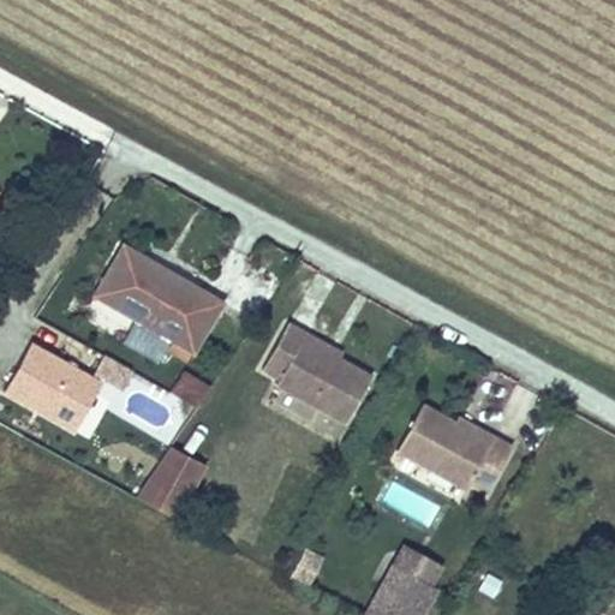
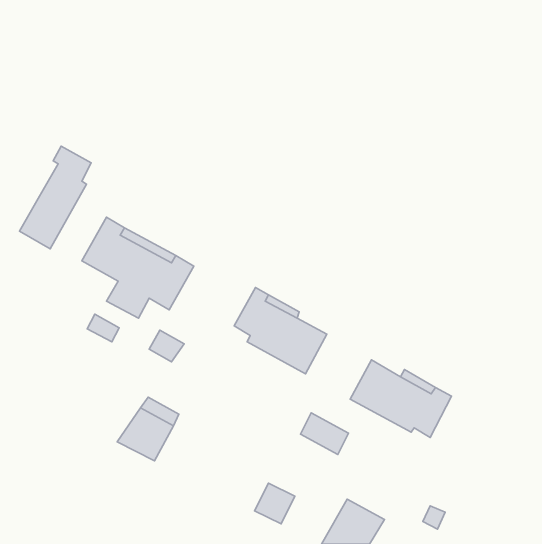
building: none -> [20,146,91,249]
building: [7,344,102,425] -> none
building: [394,539,448,586] -> [301,413,349,454]

